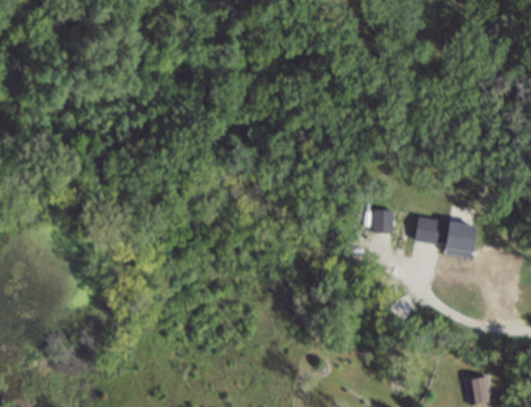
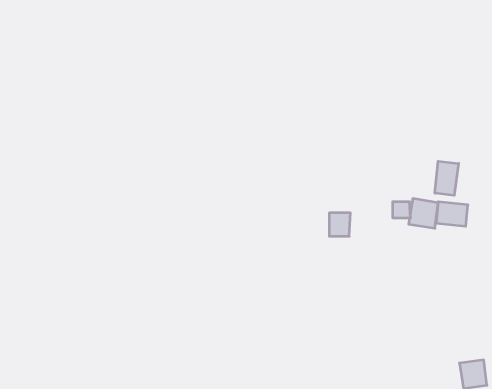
building: none -> [435,161,459,195]
building: [374,212,395,235] -> [329,213,350,236]

